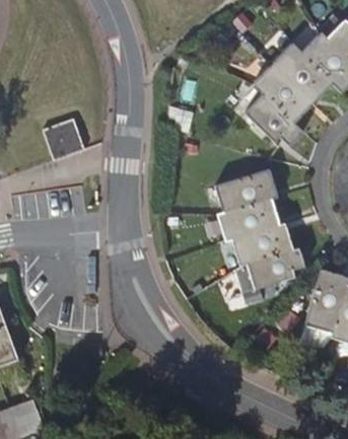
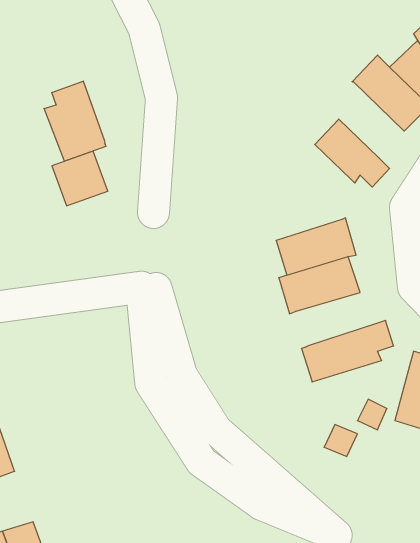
building: none -> [44,81,106,161]
building: [255,65,314,123] -> none
building: [231,223,293,266] -> none

